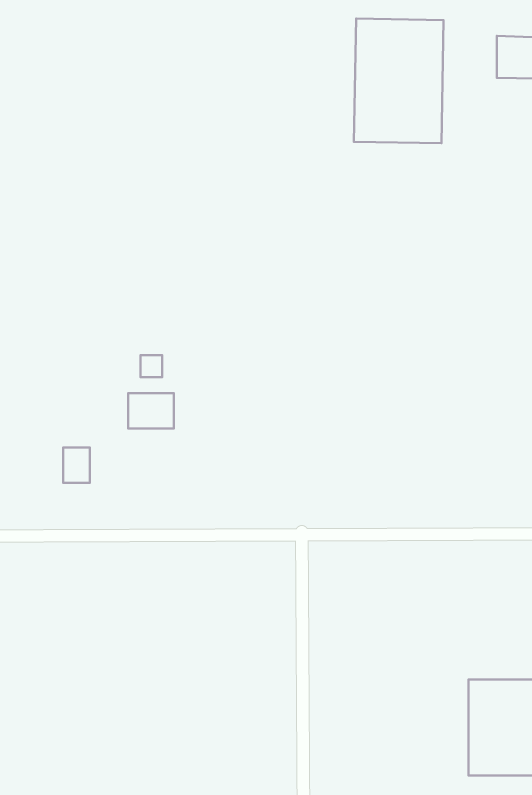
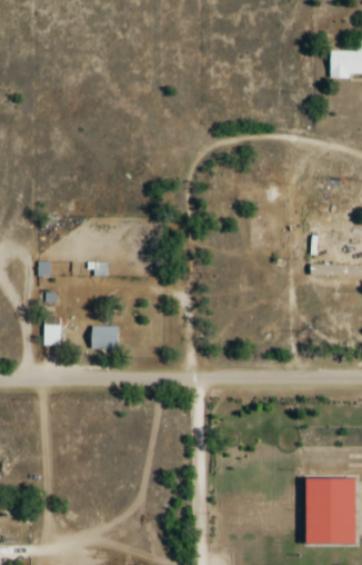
building: [354,19,444,143] -> none
building: [128,393,174,429] -> [89,326,119,349]

